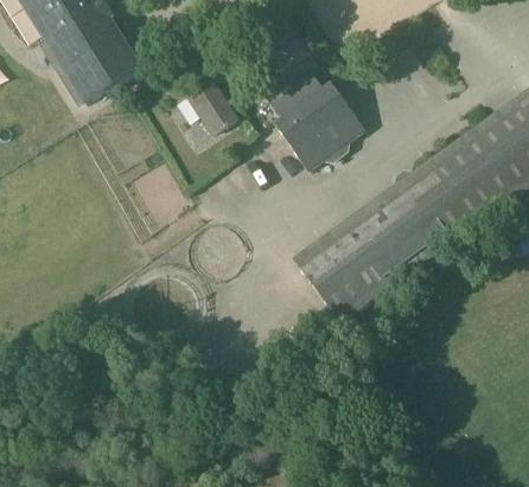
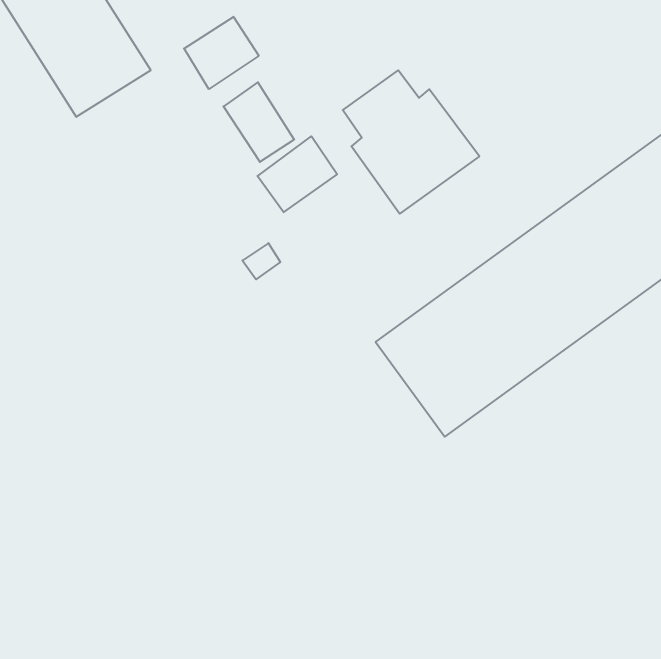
building: none -> [184,17,259,89]
building: none -> [257,136,337,212]

